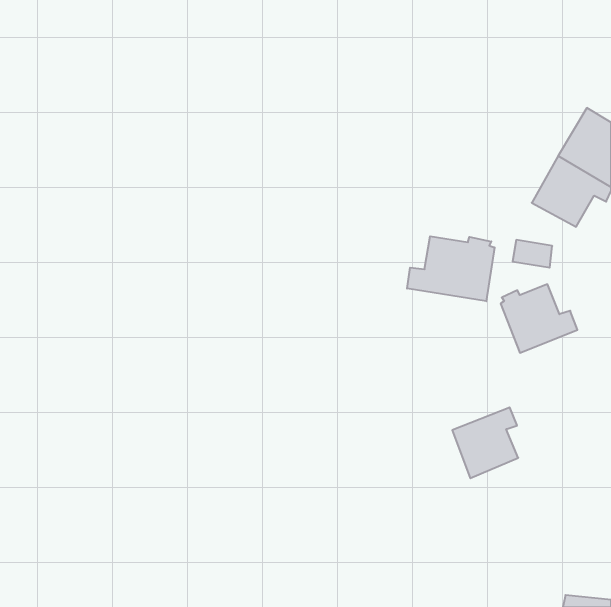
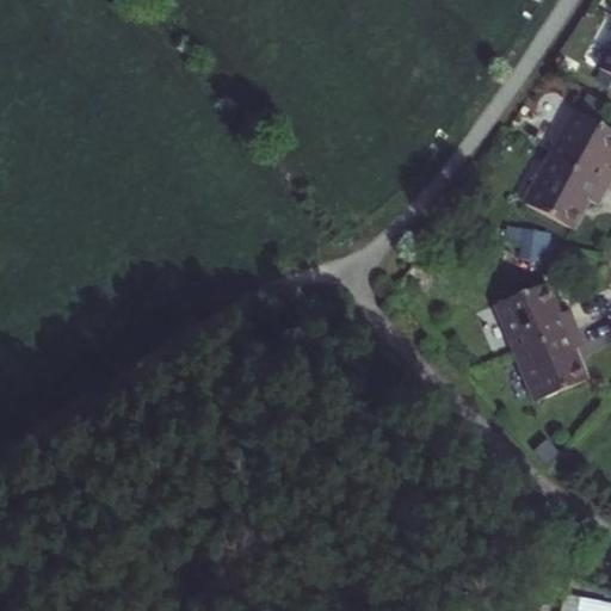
building: [407,236,495,301] -> none
building: [452,407,518,478] -> [517,328,582,399]

